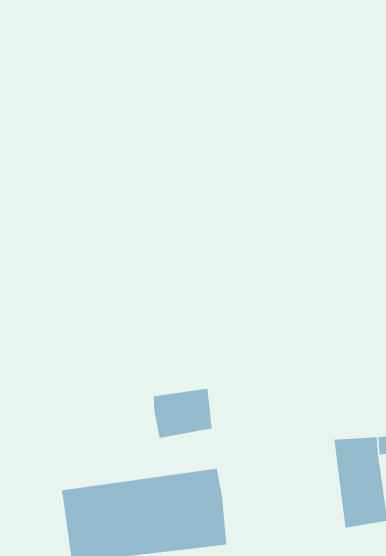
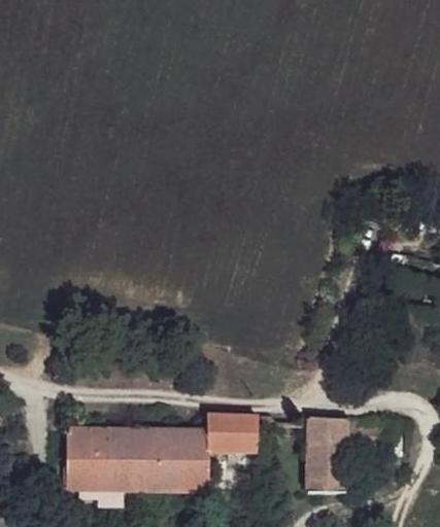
building: [153,388,213,438] -> [205,415,255,452]

